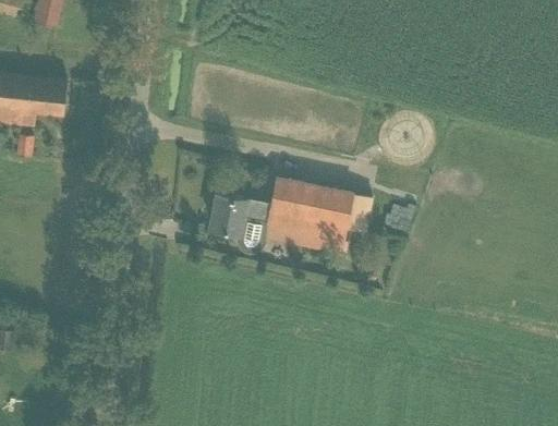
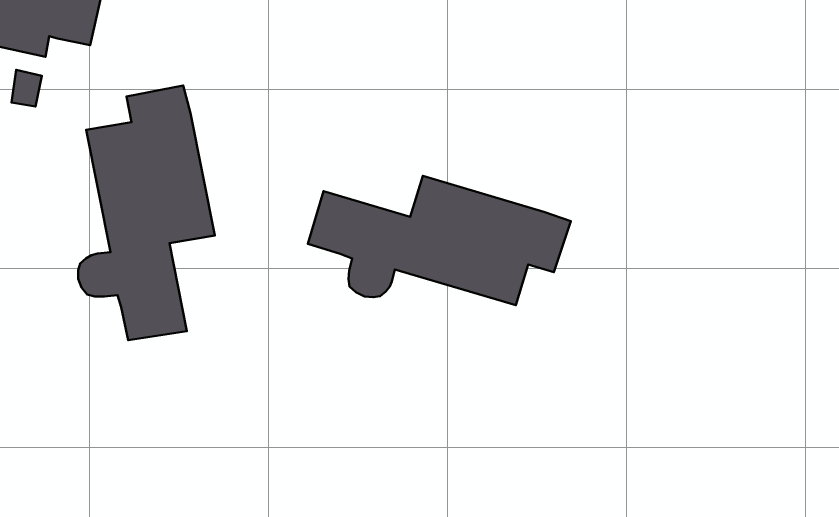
building: none -> [78,86,215,340]

